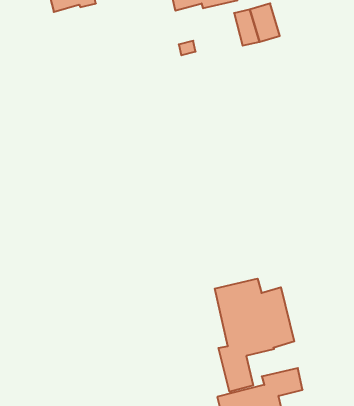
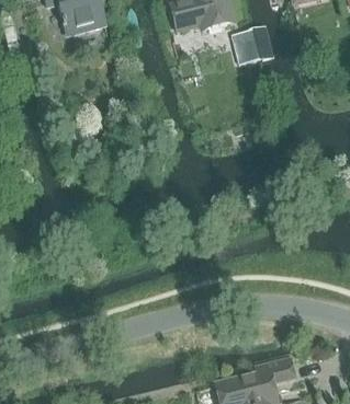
building: [215,279,294,392] -> none

